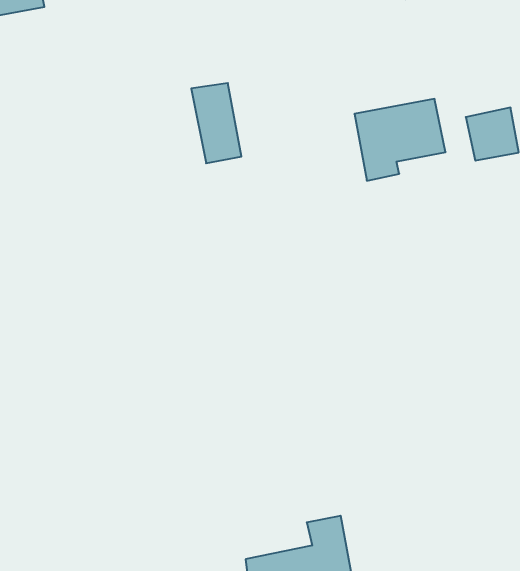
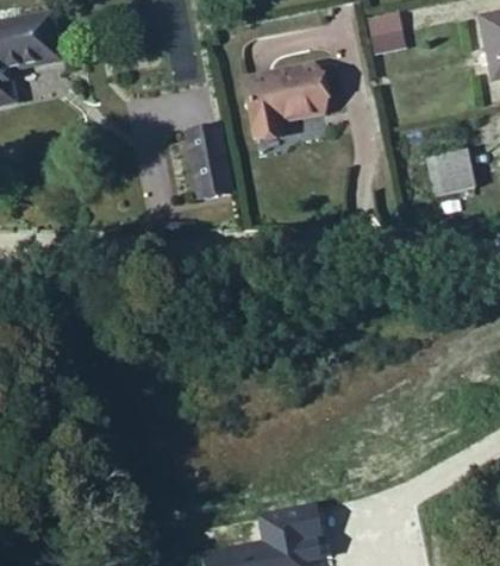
building: [354,99,446,181] -> [243,64,323,136]

